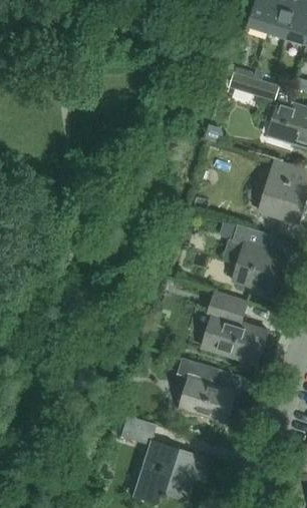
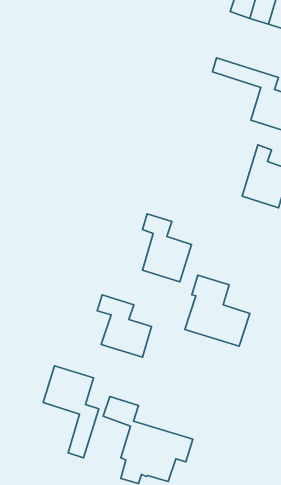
building: [233,224,283,294] -> [142,214,192,282]
building: [178,359,233,422] -> [97,295,151,357]
building: none -> [43,366,99,458]

